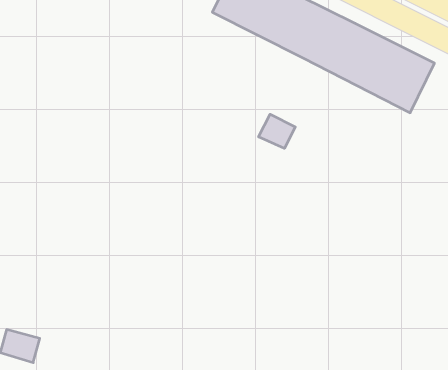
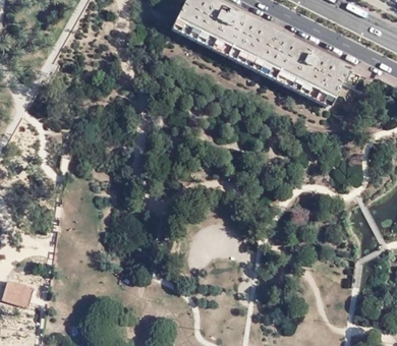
building: [259,114,295,148] -> none

